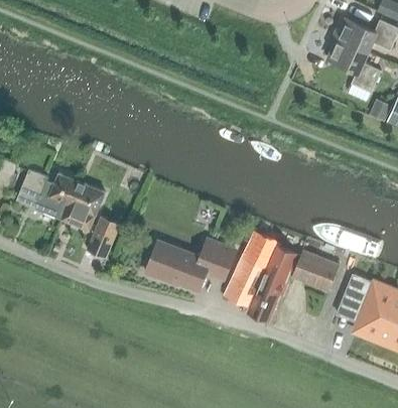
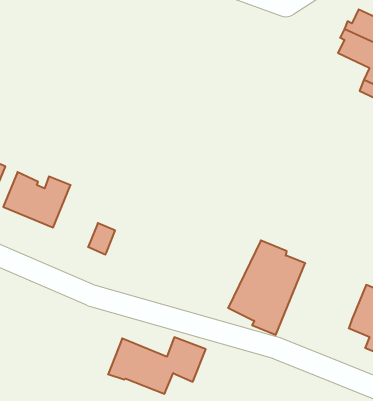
building: [62,180,105,231] -> none
building: [145,238,236,290] -> [108,337,206,394]
building: [292,250,340,290] -> none

